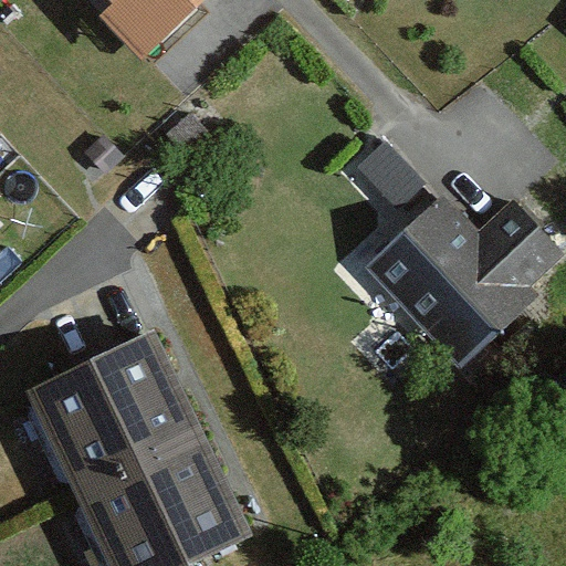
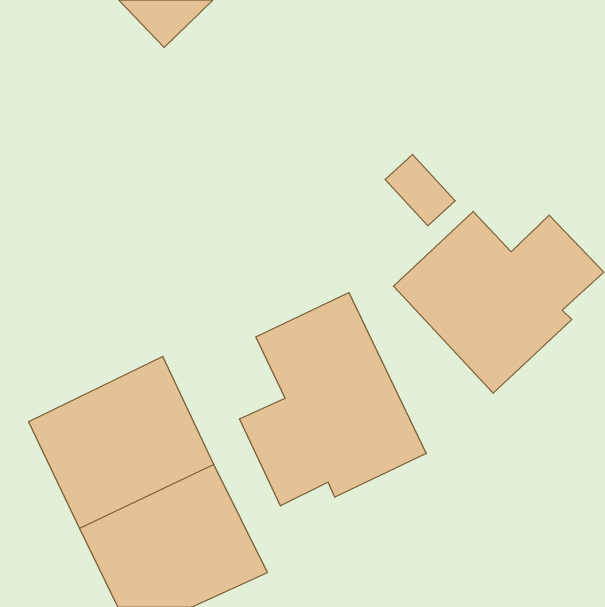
building: none -> [240,293,426,506]

